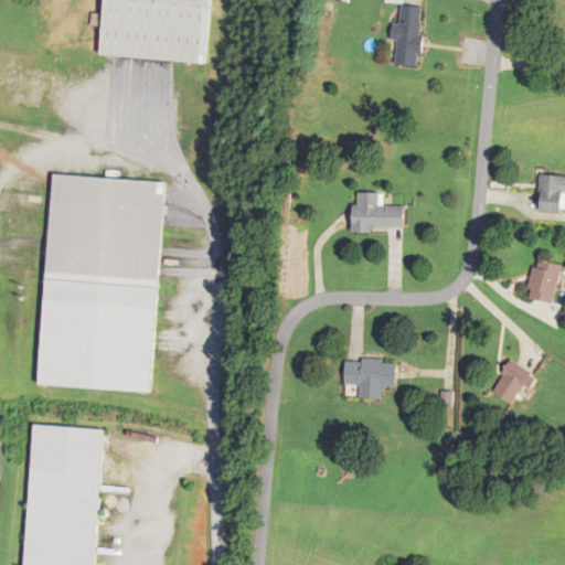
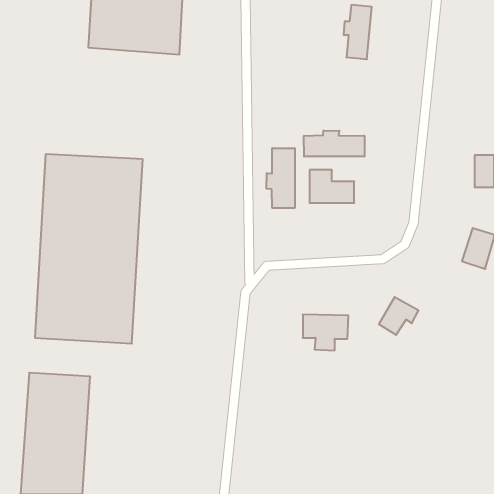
building: none -> [304,130,364,157]
building: none -> [266,148,295,208]
building: [492,359,537,402] -> [379,297,419,335]

